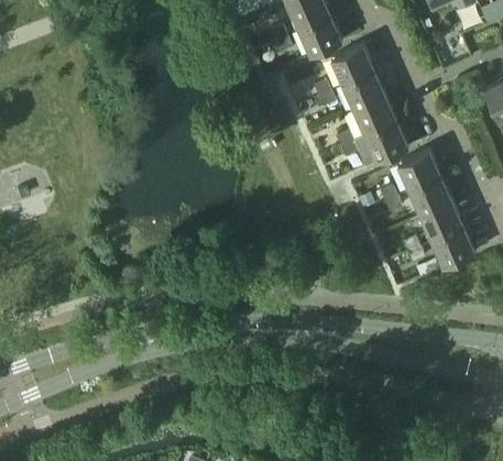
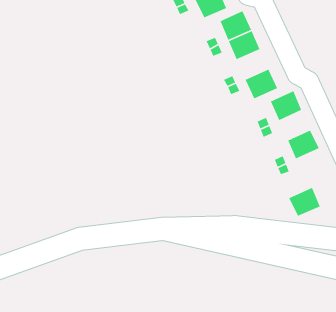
building: [352,97,395,136] -> none
building: [408,177,450,217] -> none
building: [430,228,473,267] -> [288,187,321,217]

